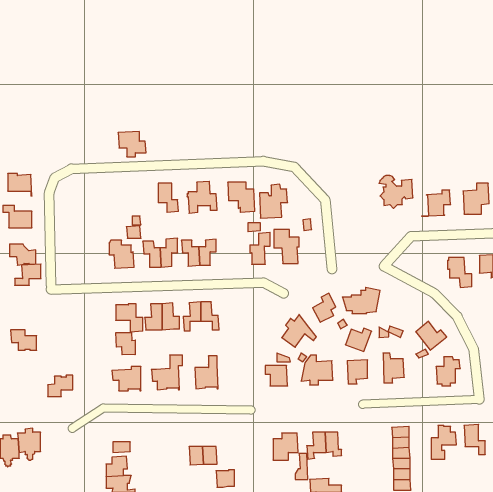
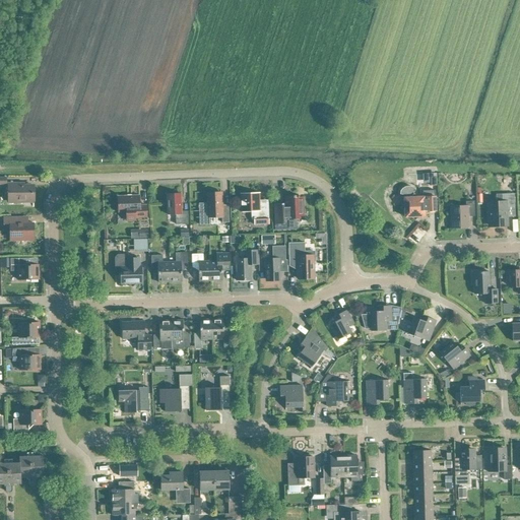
building: [118,132,146,157] -> [117,194,146,220]
building: none -> [235,249,258,279]
building: [15,264,41,285] -> [11,321,39,343]
building: [345,328,372,351] -> [408,316,436,340]
building: [116,333,135,355] -> none
building: [48,375,73,397] -> [13,408,40,431]
building: none -> [160,471,190,502]

